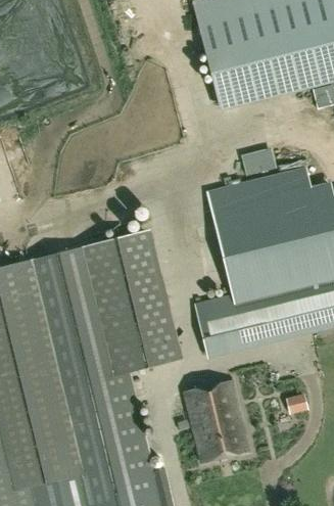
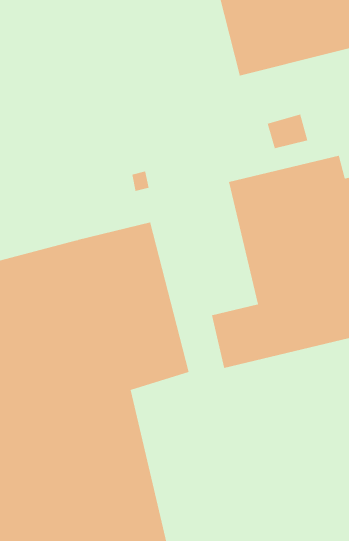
building: [184,378,249,464] -> none

